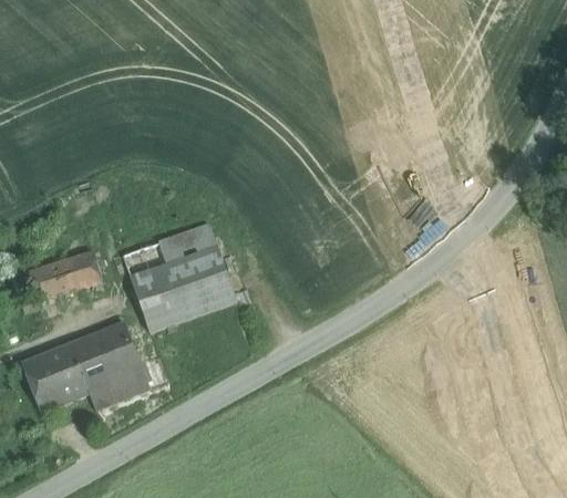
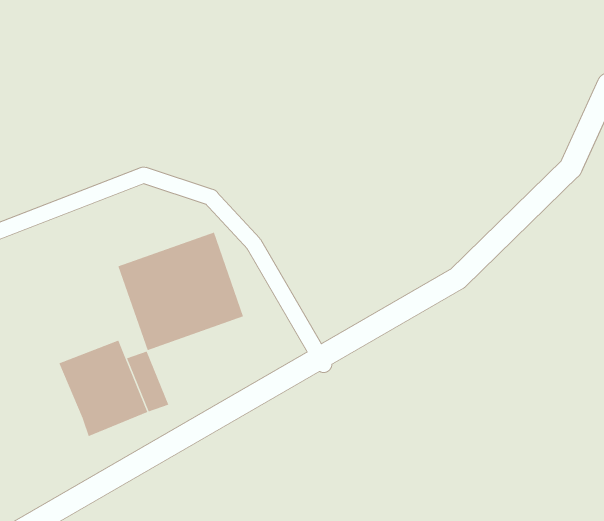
building: [28,250,101,301] -> none
building: [21,342,90,412] -> none

